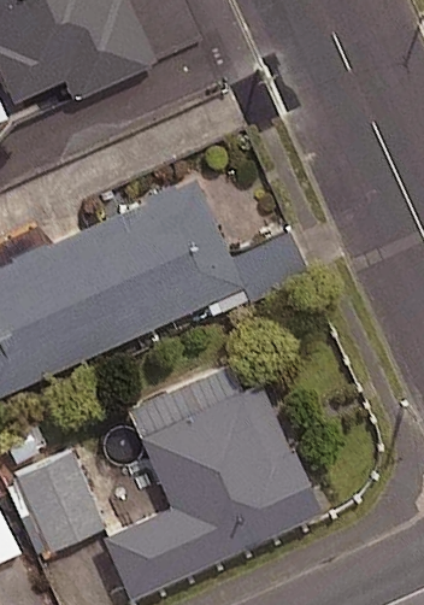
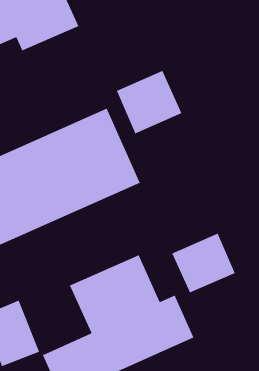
building: none -> [116,70,182,135]
building: none -> [171,232,236,294]

